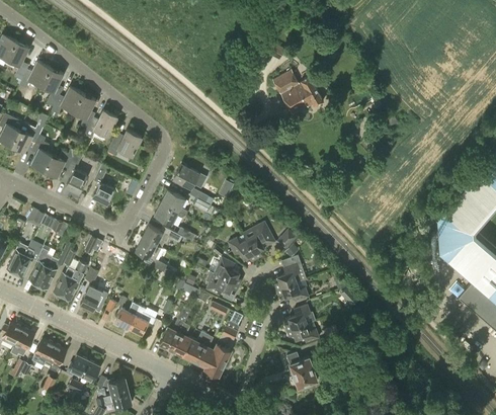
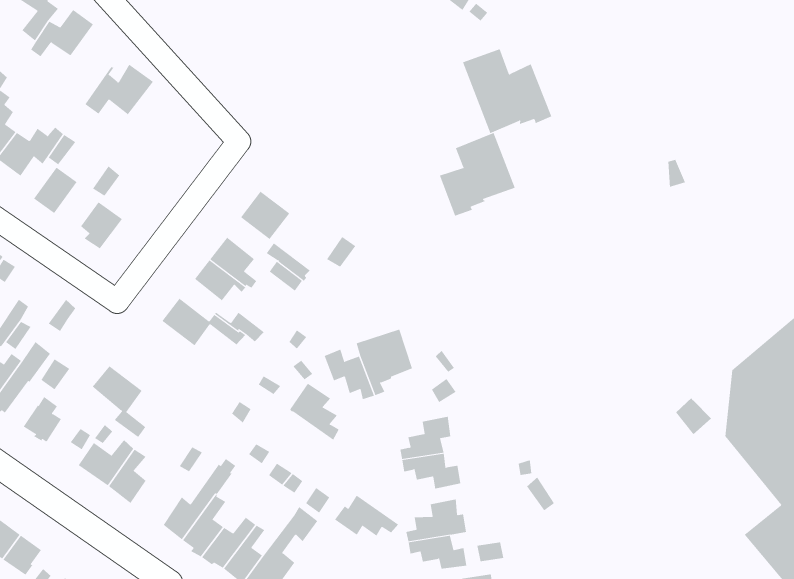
building: [73,93,96,142] -> none
building: none -> [439,132,515,217]
building: [106,131,141,157] -> none
building: [135,239,166,273] -> [92,366,146,438]
building: [206,274,240,295] -> [334,496,399,537]

